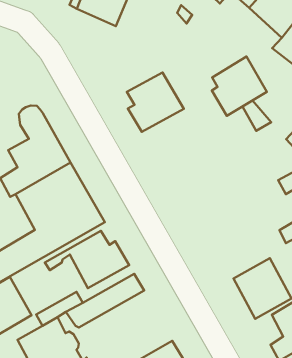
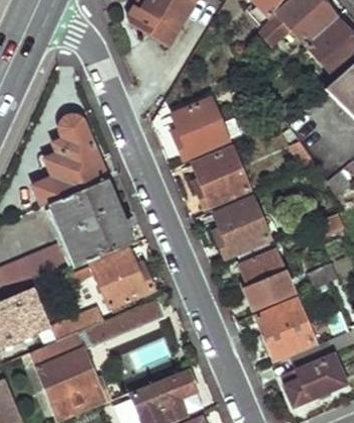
building: [212,56,267,116] -> [192,148,247,206]
building: none -> [212,196,269,256]
building: none -> [238,241,293,310]

